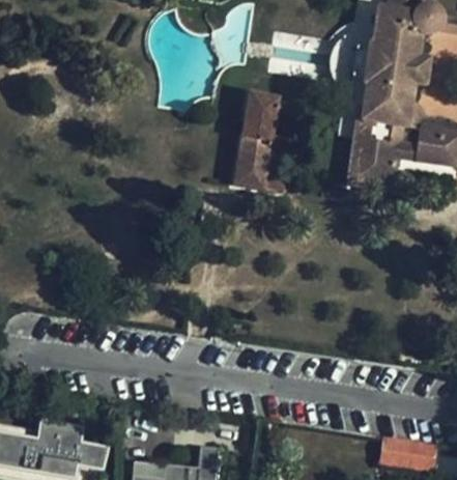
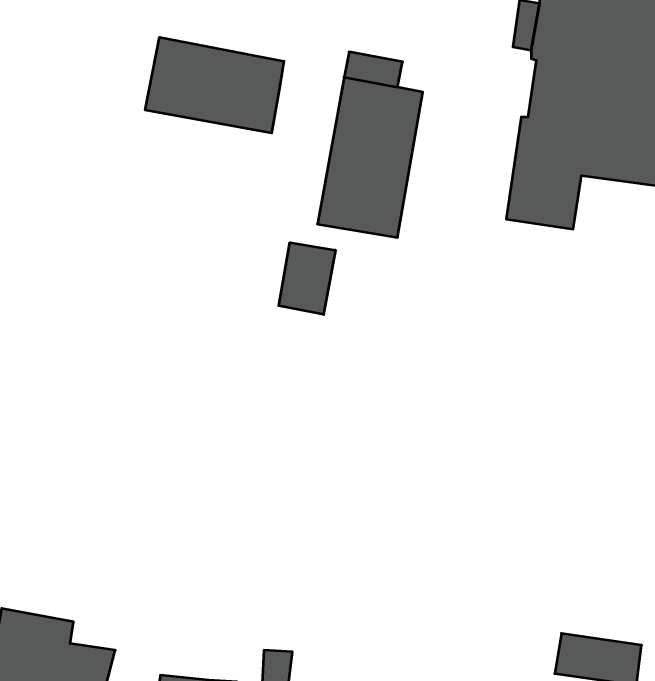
building: none -> [145,37,284,133]
building: none -> [279,243,335,315]

